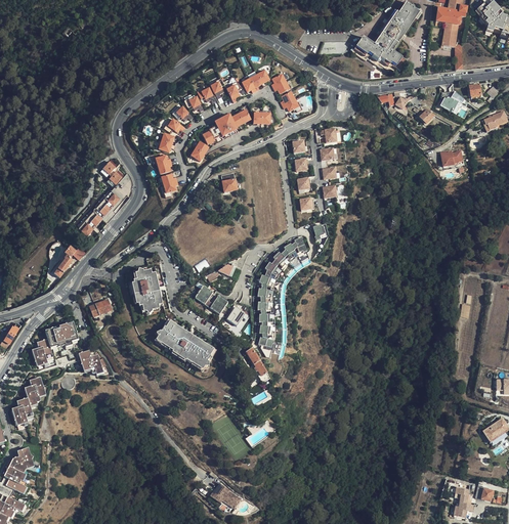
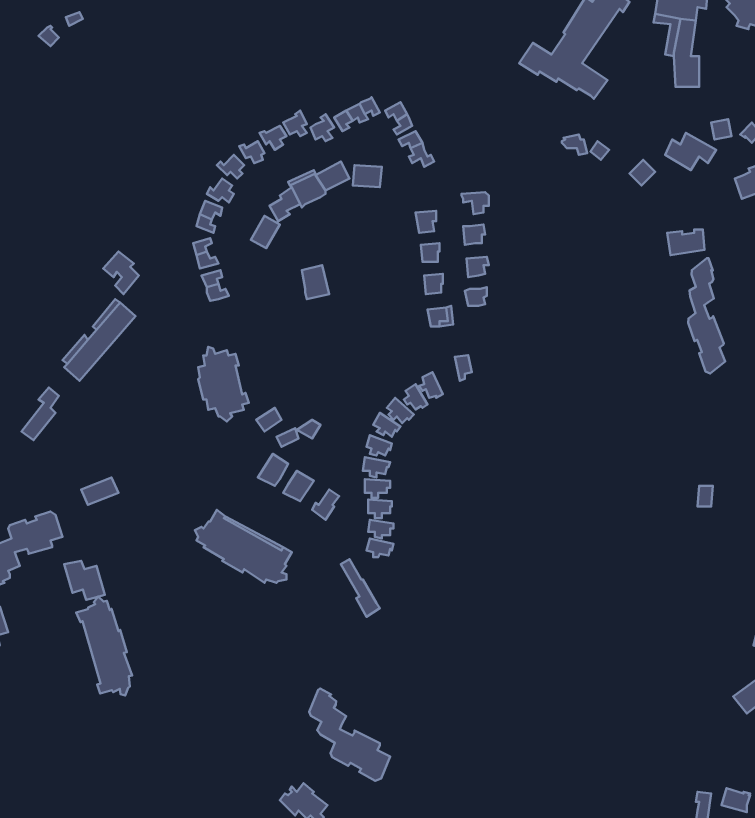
building: none -> [688,258,725,373]
building: [132,268,163,313] -> [198,347,249,422]
building: none -> [76,597,132,695]
building: none -> [309,688,390,781]

